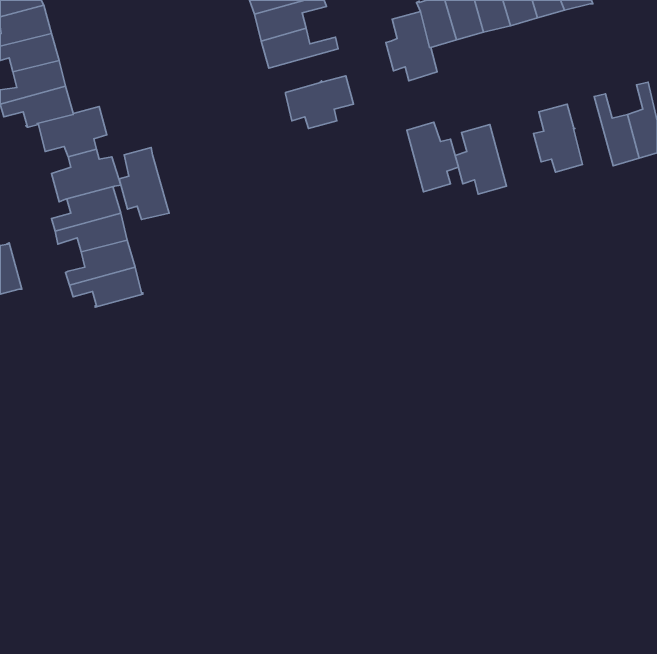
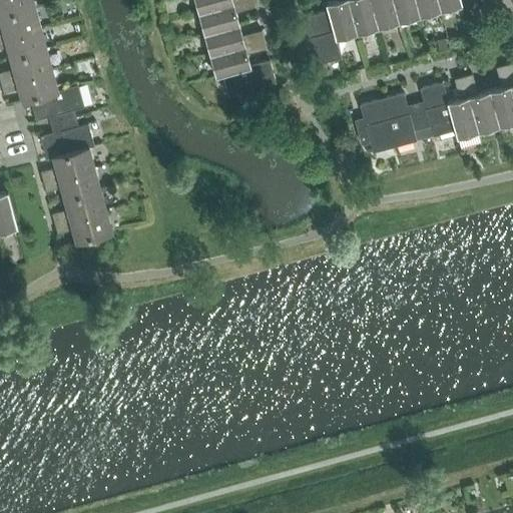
building: none -> [209,40,266,76]
building: none -> [447,77,478,138]
building: [407,122,458,192] -> [382,93,422,147]
building: [119,148,169,219] -> none

